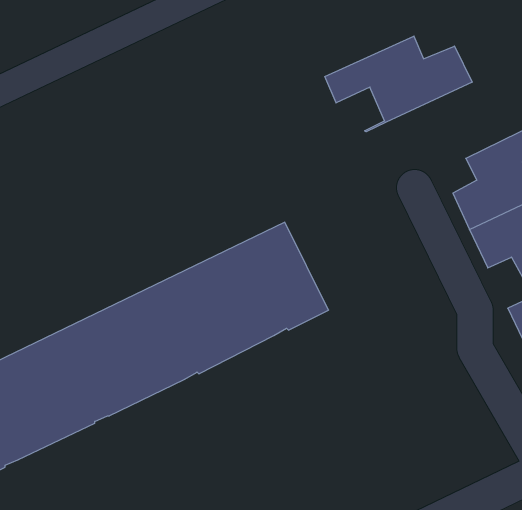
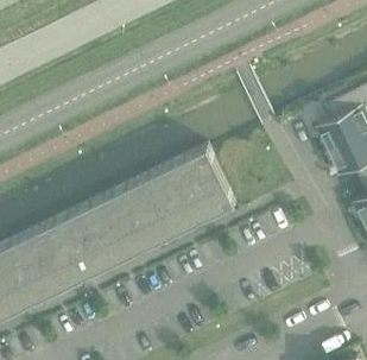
building: [325,36,472,132] -> none

